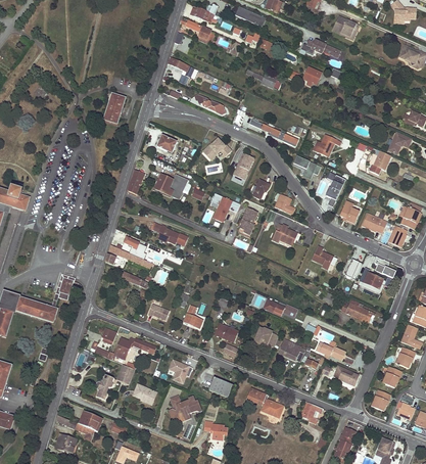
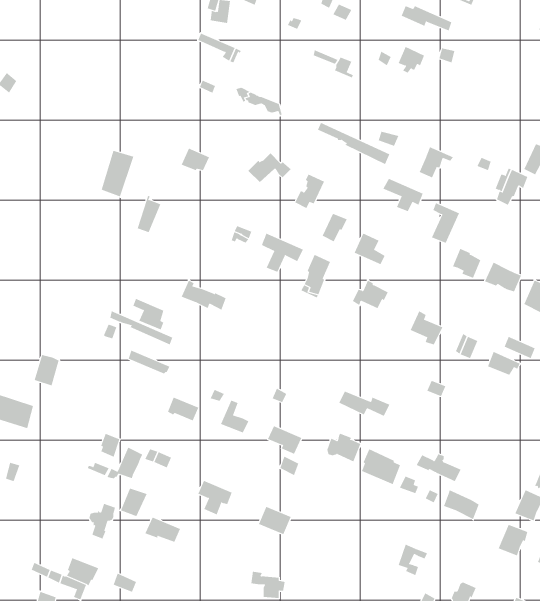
building: [102,92,125,124] -> [101,150,134,197]
building: [154,173,187,198] -> none
building: [340,298,374,322] -> none
building: [245,387,283,417] -> none
building: [168,395,200,420] -> none

